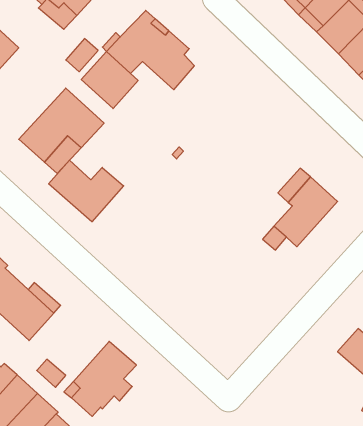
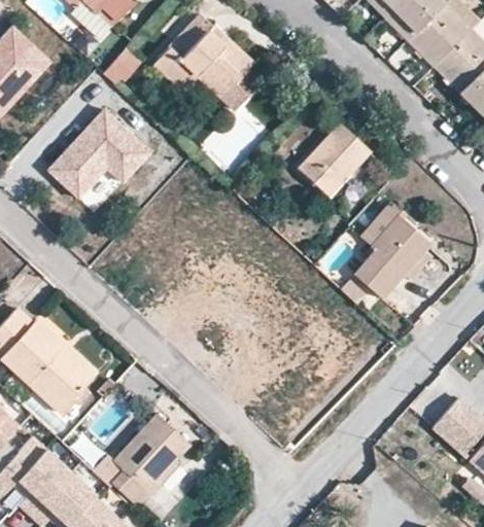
building: [81,51,138,109] -> none
building: none -> [297,121,371,197]
building: [49,160,124,222] -> none

